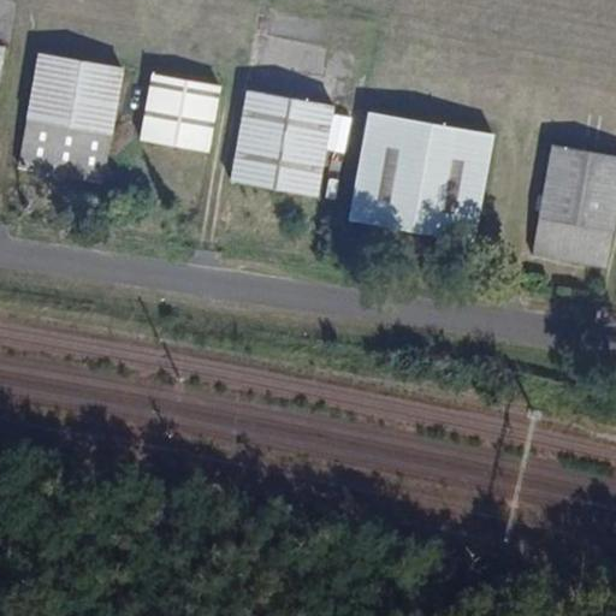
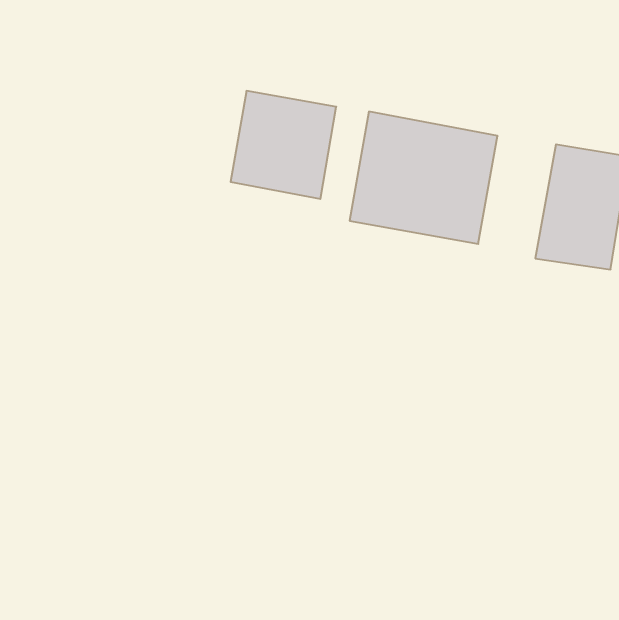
building: [18,53,124,180] -> none
building: [138,75,220,152] -> none

